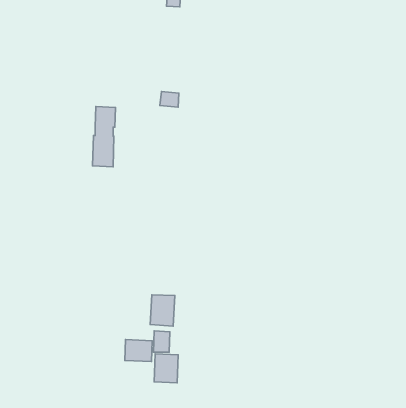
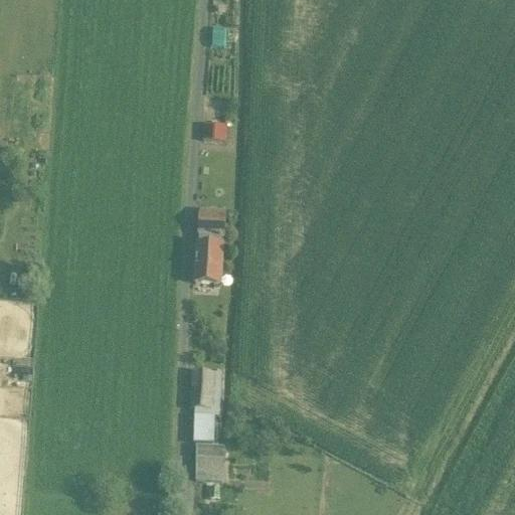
building: [93,107,116,167] -> [196,208,224,282]
building: [125,340,152,362] -> none

